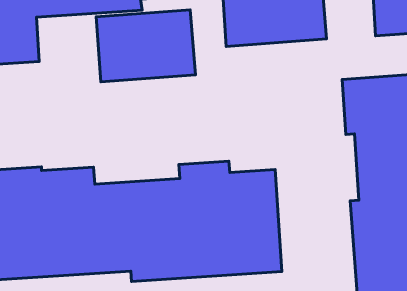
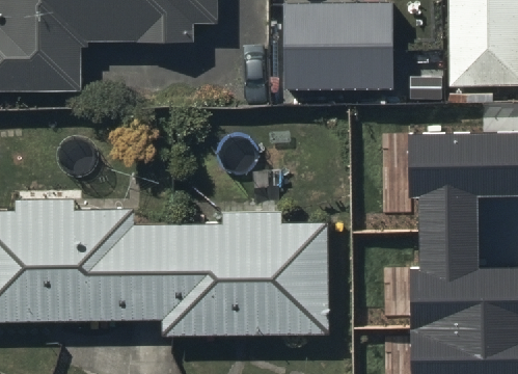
building: [96,10,196,82] -> none

